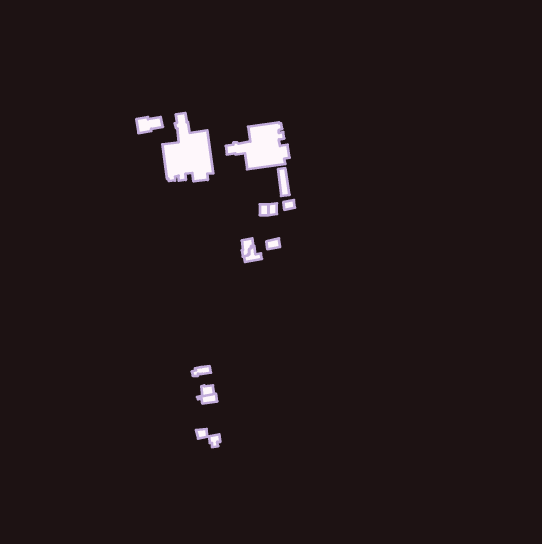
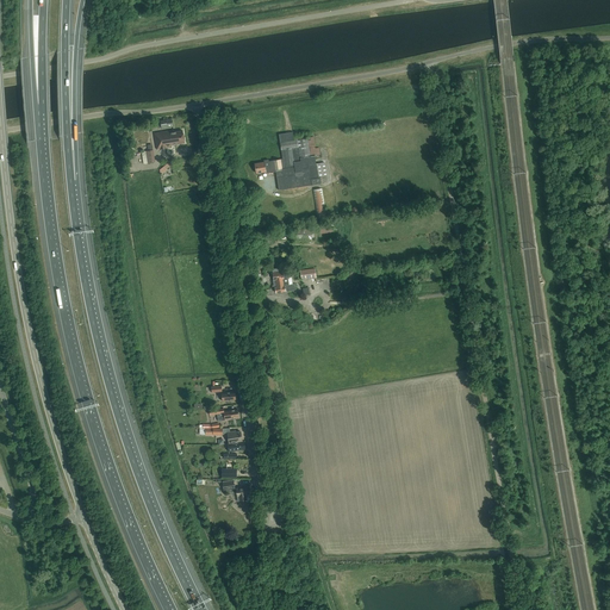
building: [162,113,213,181] -> none

